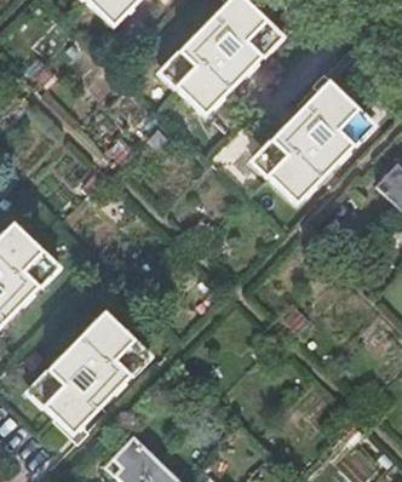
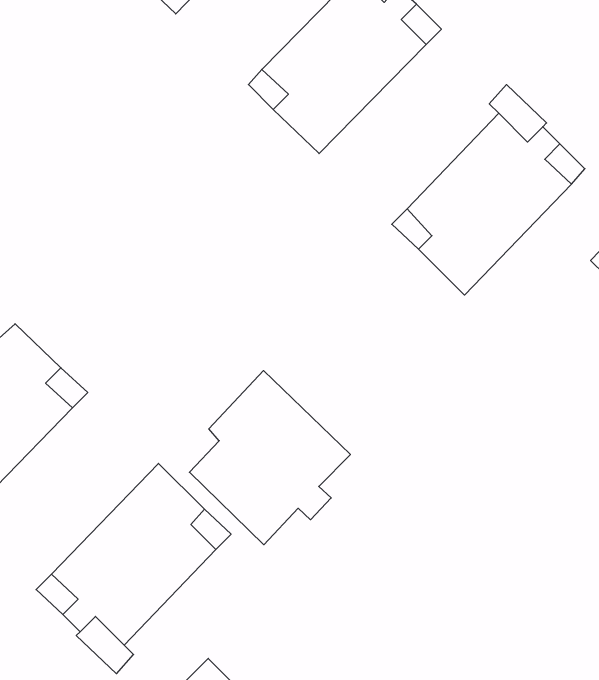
building: none -> [189,371,350,545]

